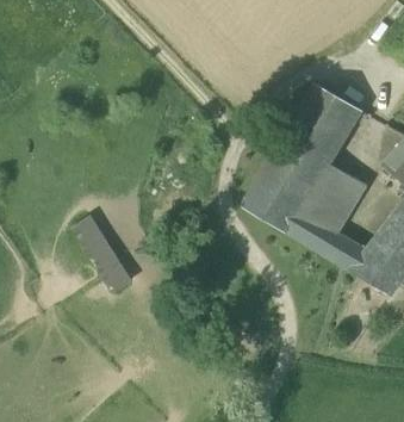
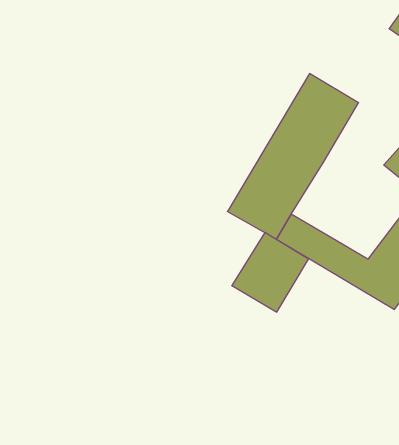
building: [298,161,367,232] -> [232,233,309,312]
building: [72,215,133,293] -> none

